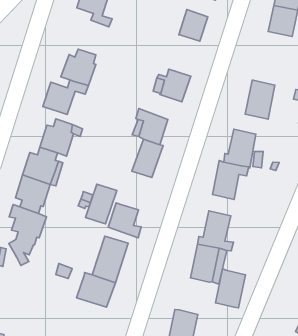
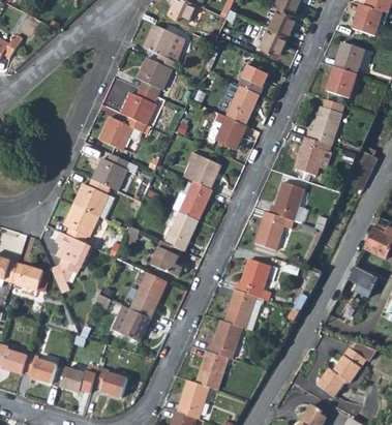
building: none -> [137,57,172,95]
building: none -> [225,85,259,125]
building: none -> [306,99,344,145]
building: [86,184,117,224] -> [164,212,198,251]
building: [216,269,246,308] -> [210,320,242,359]

